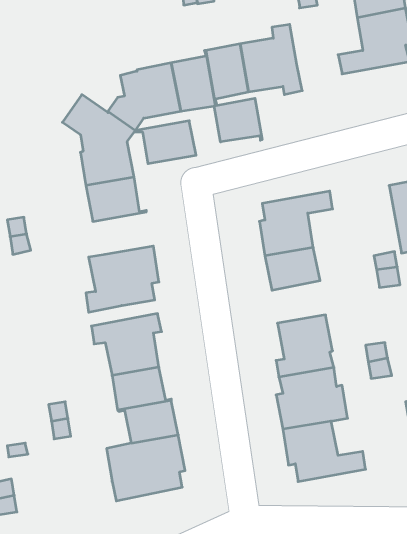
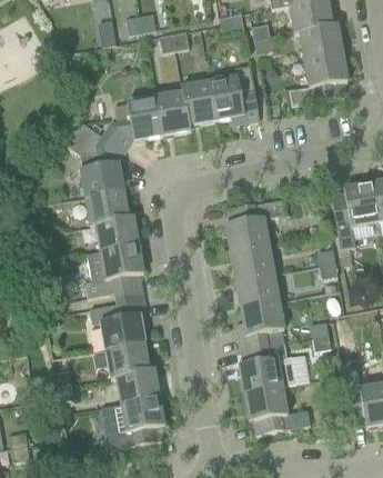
building: [214,98,262,142] -> none
building: [135,121,196,164] -> [91,216,140,250]
building: none -> [235,271,279,306]

